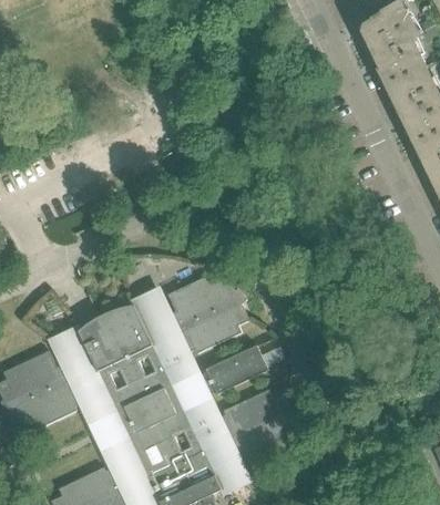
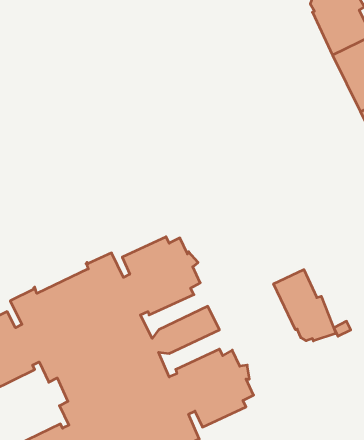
building: none -> [274,270,336,341]

